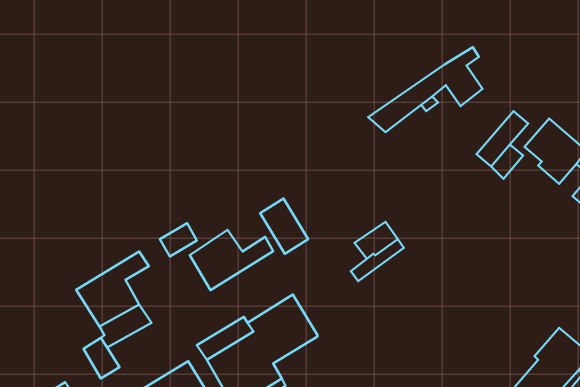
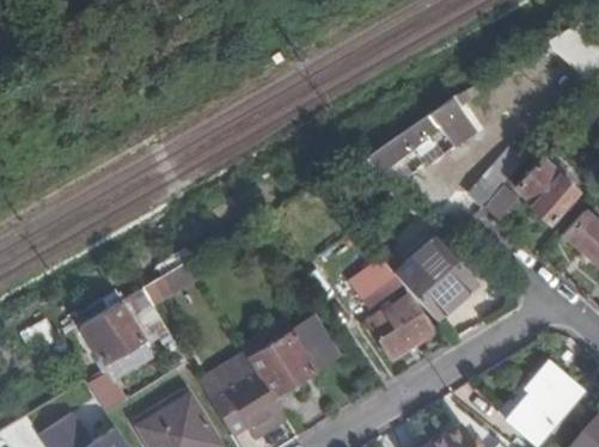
building: [260,198,308,254] -> [292,316,338,369]
building: none -> [395,237,475,318]
building: [190,230,273,290] -> none
building: none -> [367,295,433,359]

